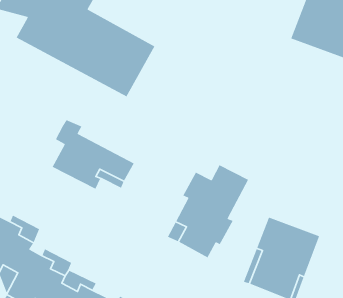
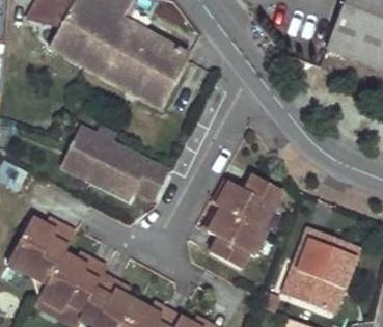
building: none -> [62,126,99,175]

